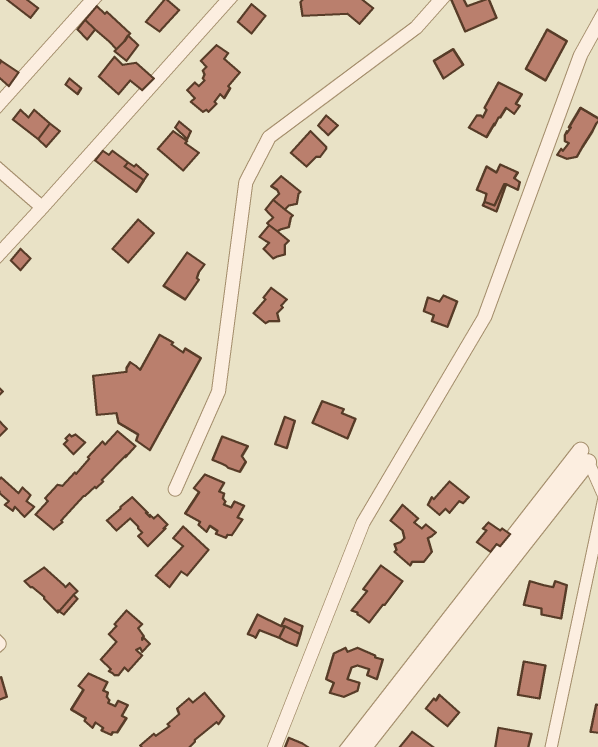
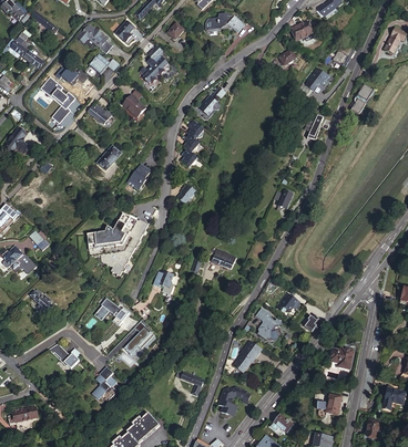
building: [36,431,136,529] -> none
building: [185,475,244,538] -> none
building: [71,673,128,735] -> none

